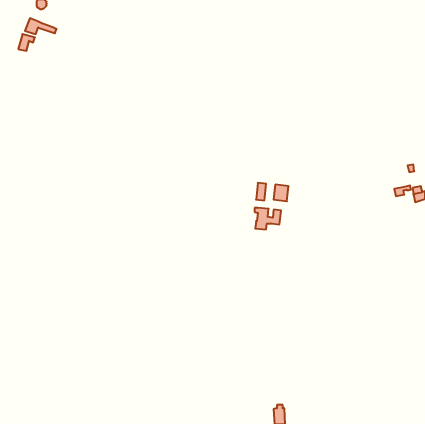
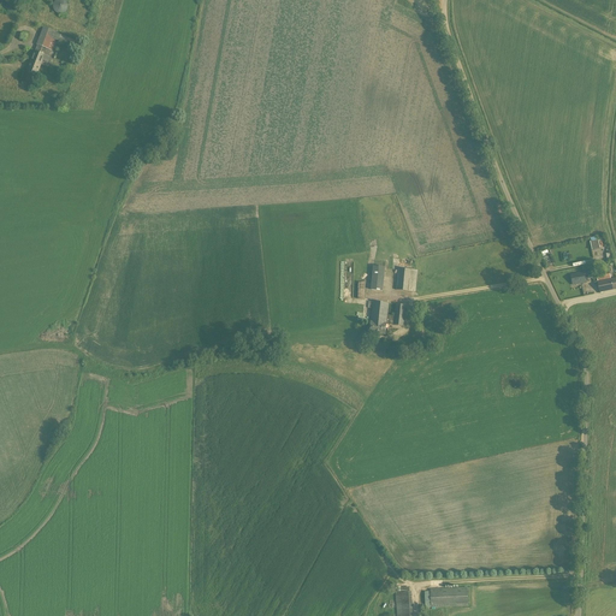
building: none -> [425,587,468,608]

